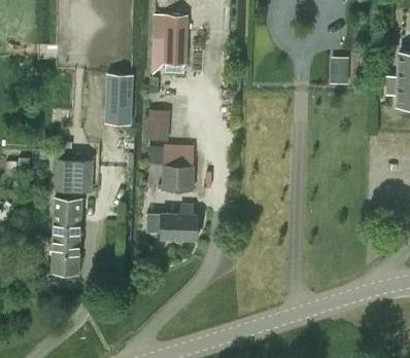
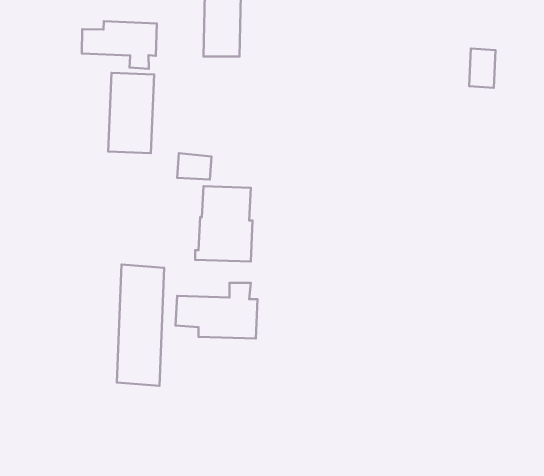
building: none -> [82,21,157,69]
building: [56,162,93,192] -> none
building: [52,198,81,274] -> [117,264,164,386]

